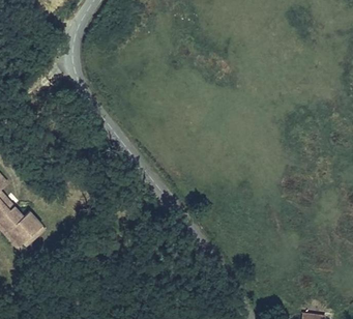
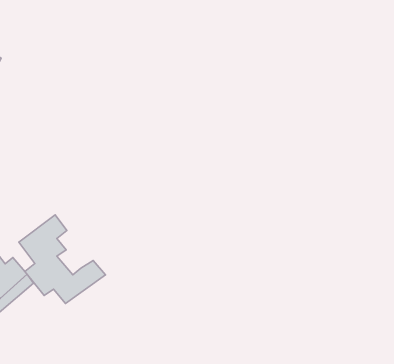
building: none -> [19,215,105,303]

